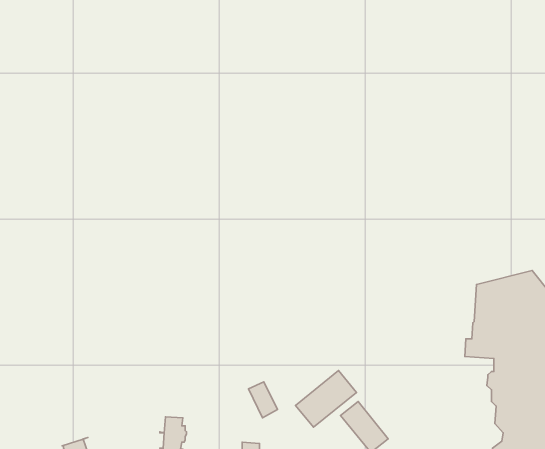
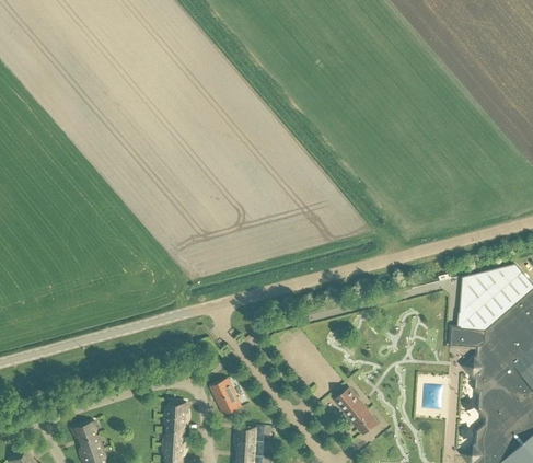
building: [295,370,356,427] -> none
building: [249,382,278,418] -> [212,380,240,414]

